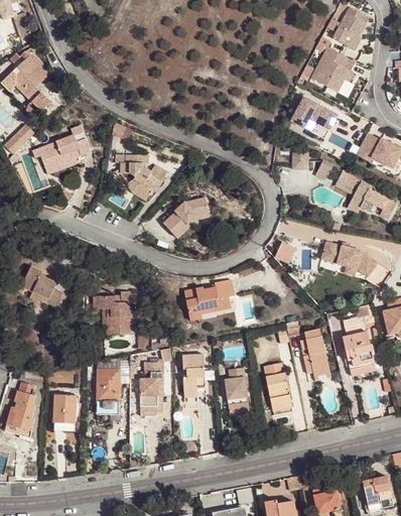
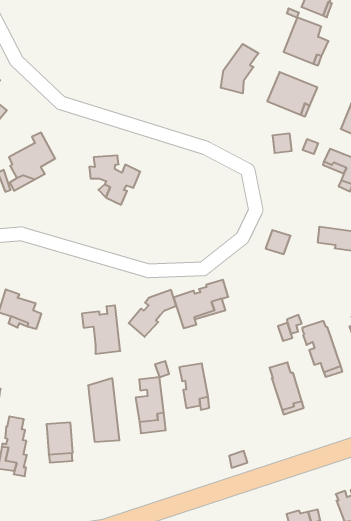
building: none -> [221,44,259,93]
building: [163,198,209,238] -> [129,290,176,337]
building: [225,368,250,413] -> none

